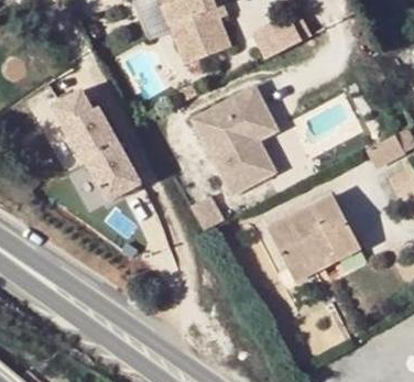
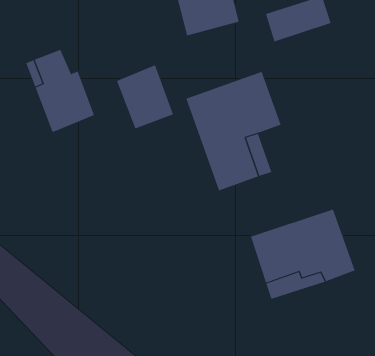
building: [87,143,141,201] -> [116,64,174,129]

